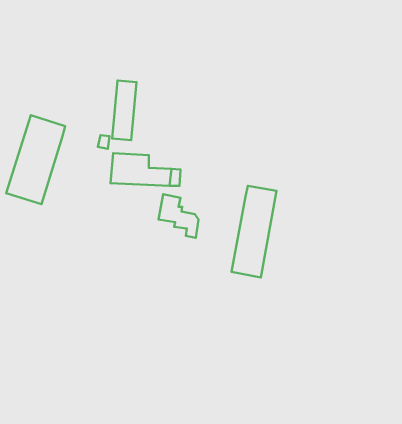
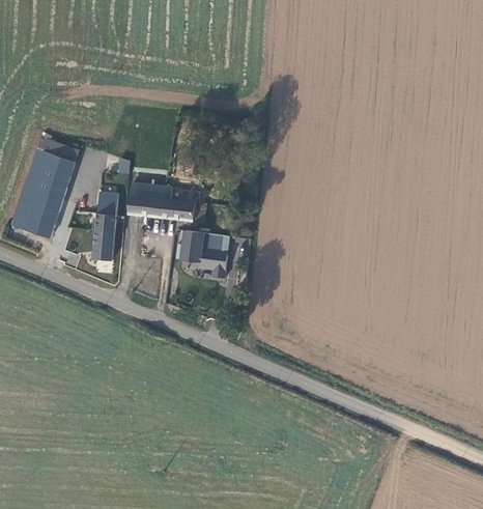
building: [112,80,137,140] -> [92,191,120,259]
building: [231,186,277,278] -> none

